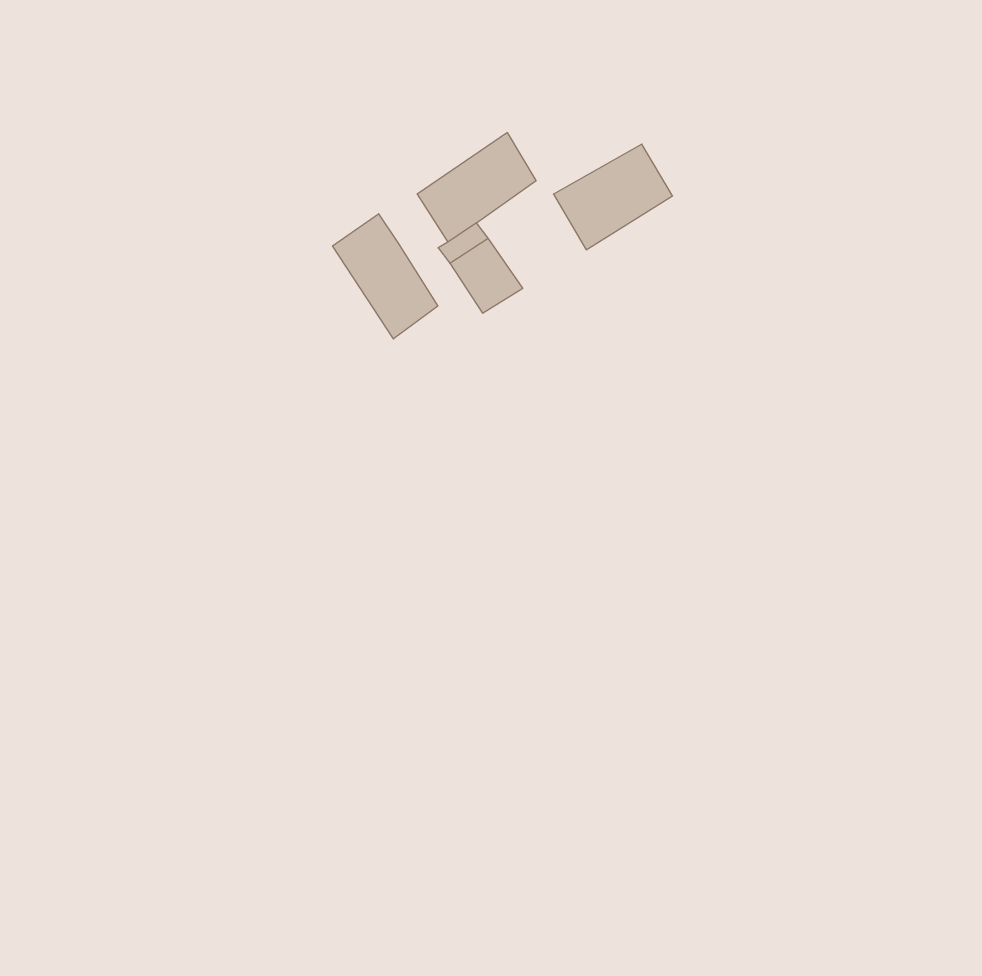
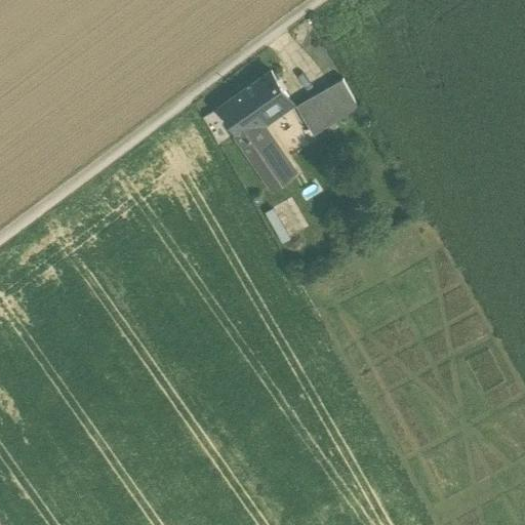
building: [333,214,438,339] -> none
building: none -> [257,157,292,191]

